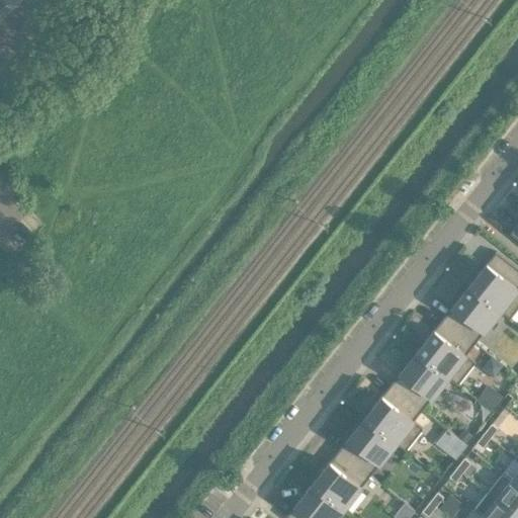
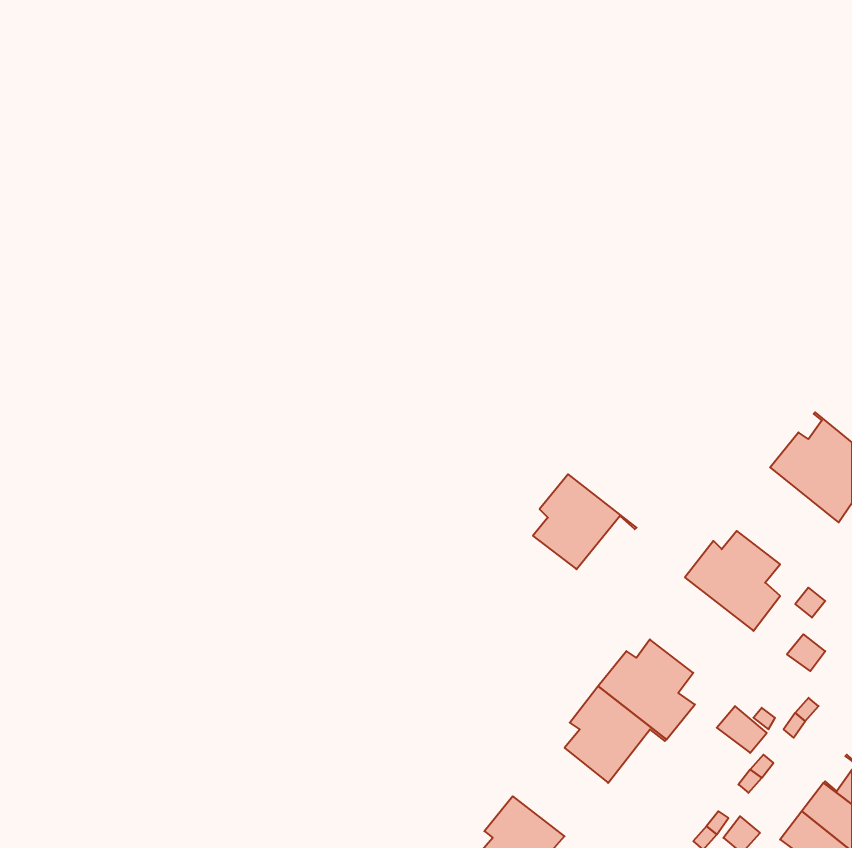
building: [446,286,508,345] -> none
building: [394,353,456,411] -> [533,474,637,569]
building: [311,456,368,510] -> none

